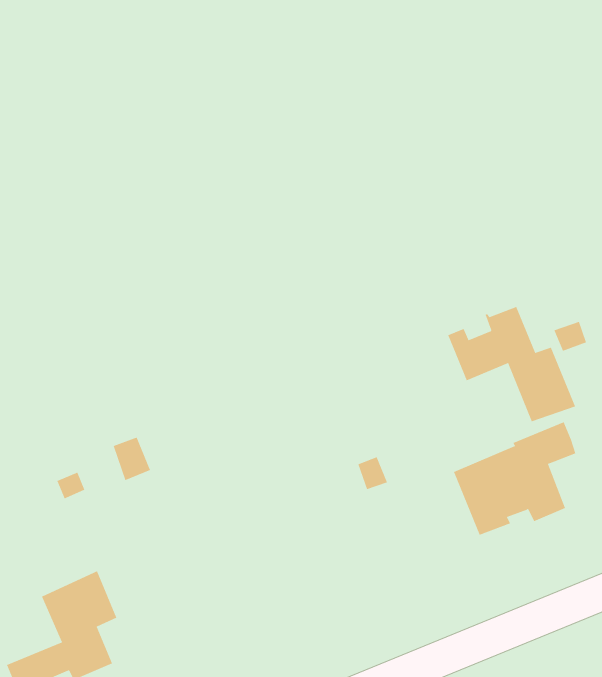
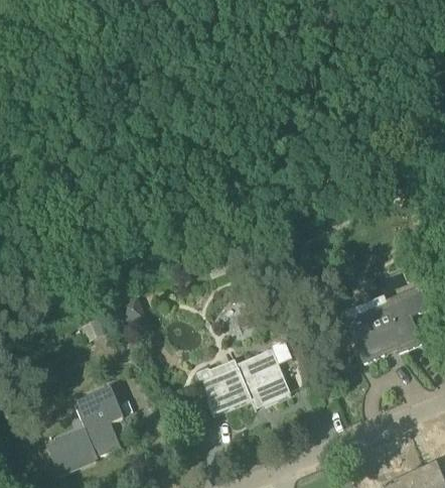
building: [447,306,576,422] -> none
building: none -> [195,341,291,415]

